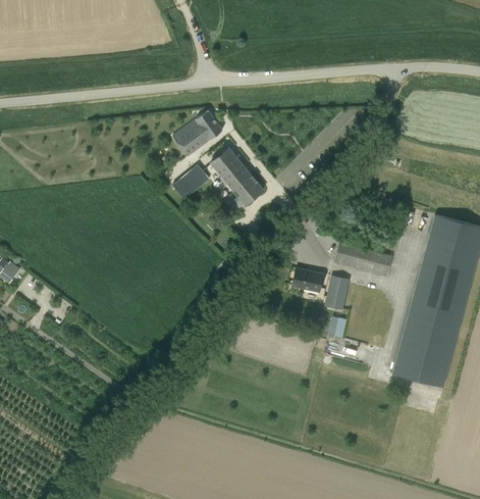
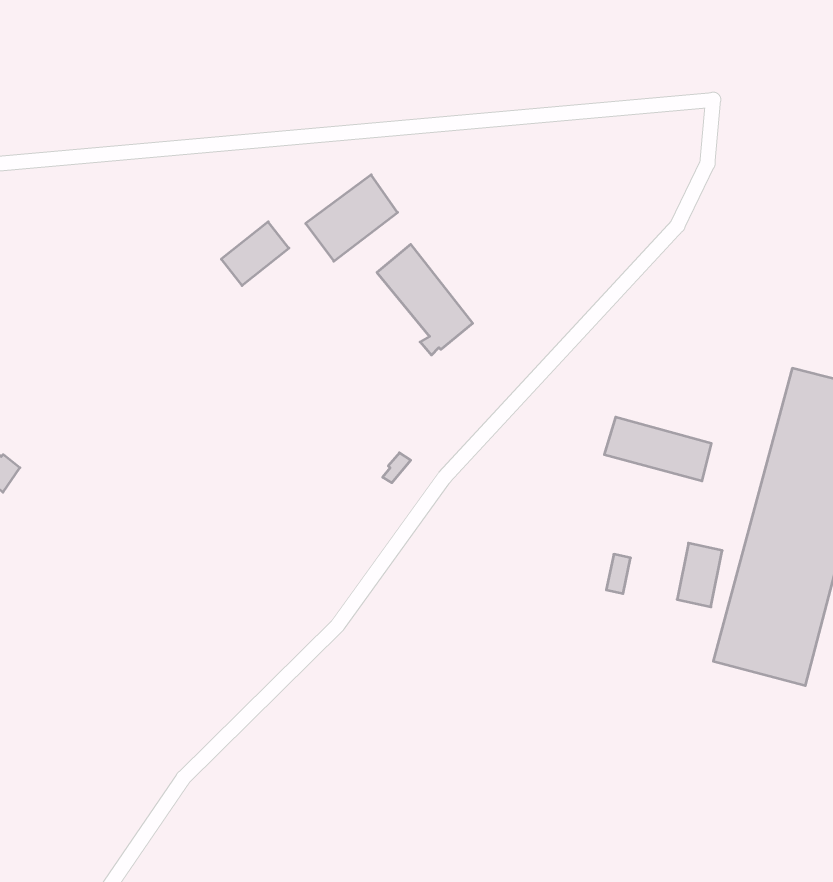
building: [172,165,209,200] -> [221,222,289,286]
building: [290,267,324,293] -> none
building: [324,276,349,310] -> [677,543,722,607]

